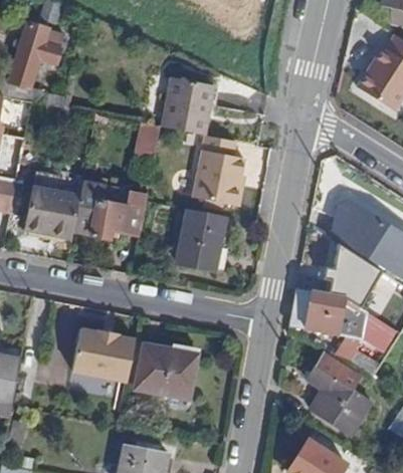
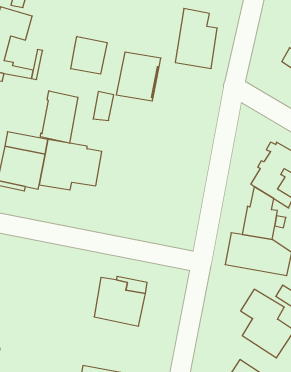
building: none -> [71,36,107,74]
building: none -> [40,91,78,143]
building: [195,136,244,206] -> [175,8,217,68]
building: [175,210,225,270] -> none
building: [72,330,135,384] -> none

